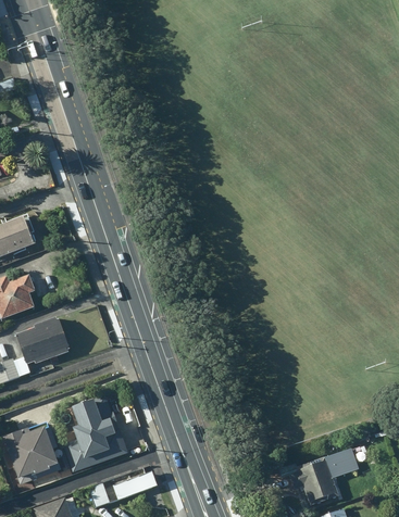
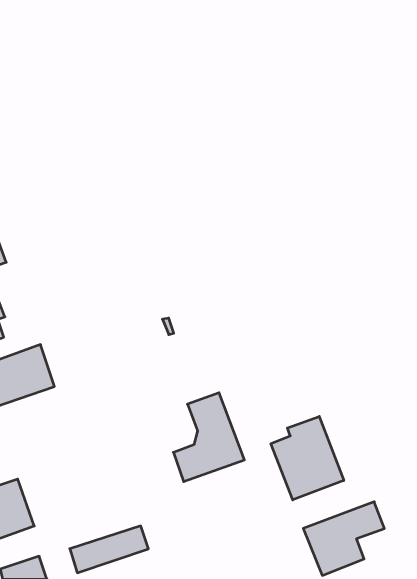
building: none -> [271,416,344,500]
building: [64,395,125,471] -> [173,393,244,482]

